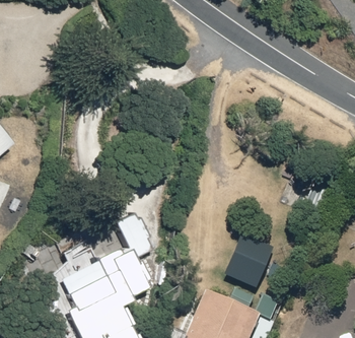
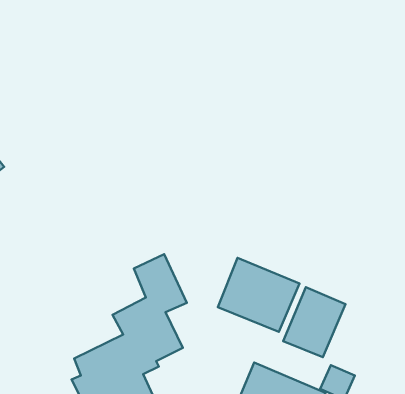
building: none -> [218,258,300,332]

